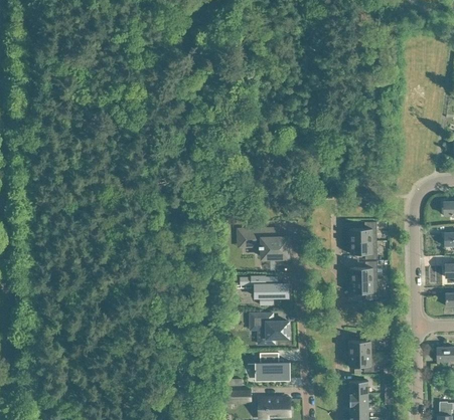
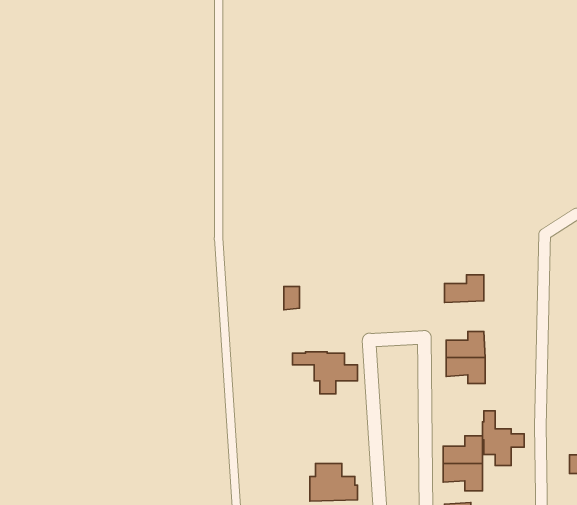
building: [257,230,289,259] -> none
building: [350,241,377,260] -> none
building: [251,312,289,345] -> none
building: none -> [482,411,524,465]

